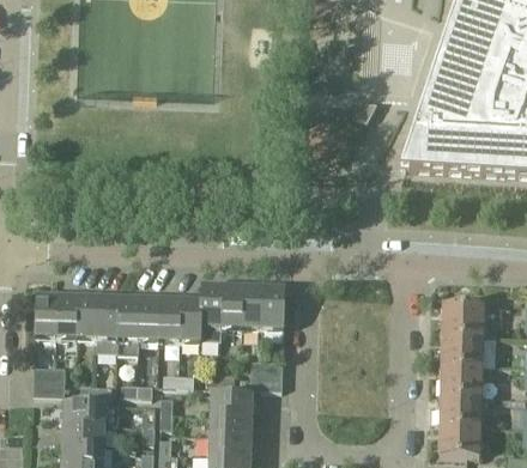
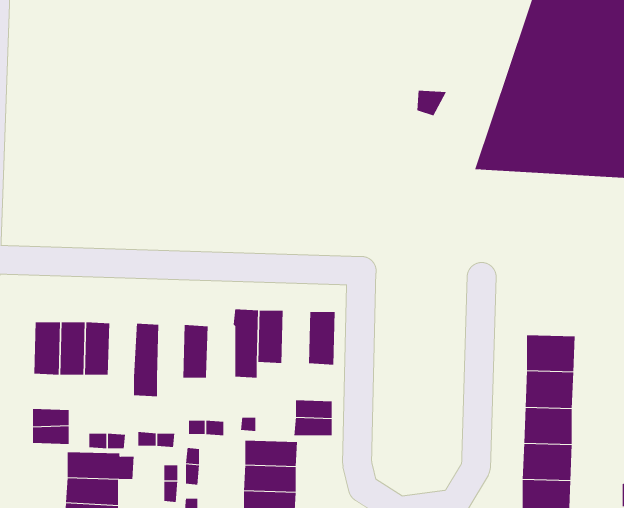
building: [241,285,264,329] -> none
building: [97,296,120,354] -> none
building: [138,297,159,341] -> none
building: [178,297,201,342] -> none

